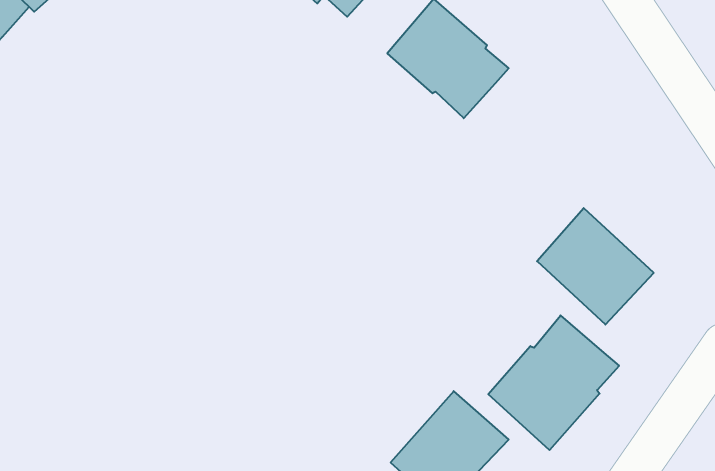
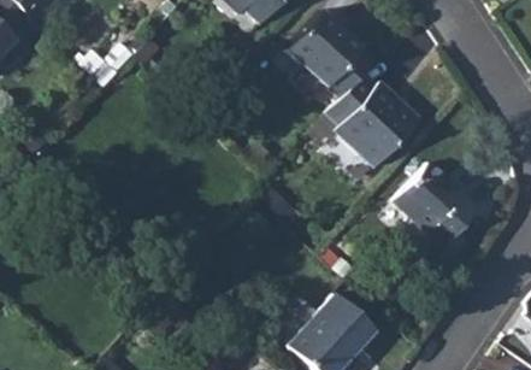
building: none -> [329,72,420,168]
building: [488,315,619,450] -> none

